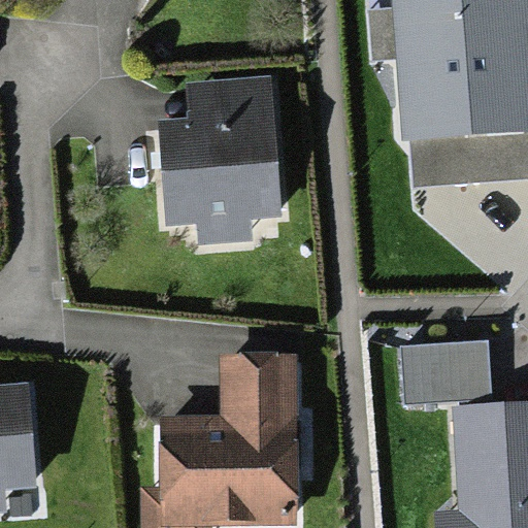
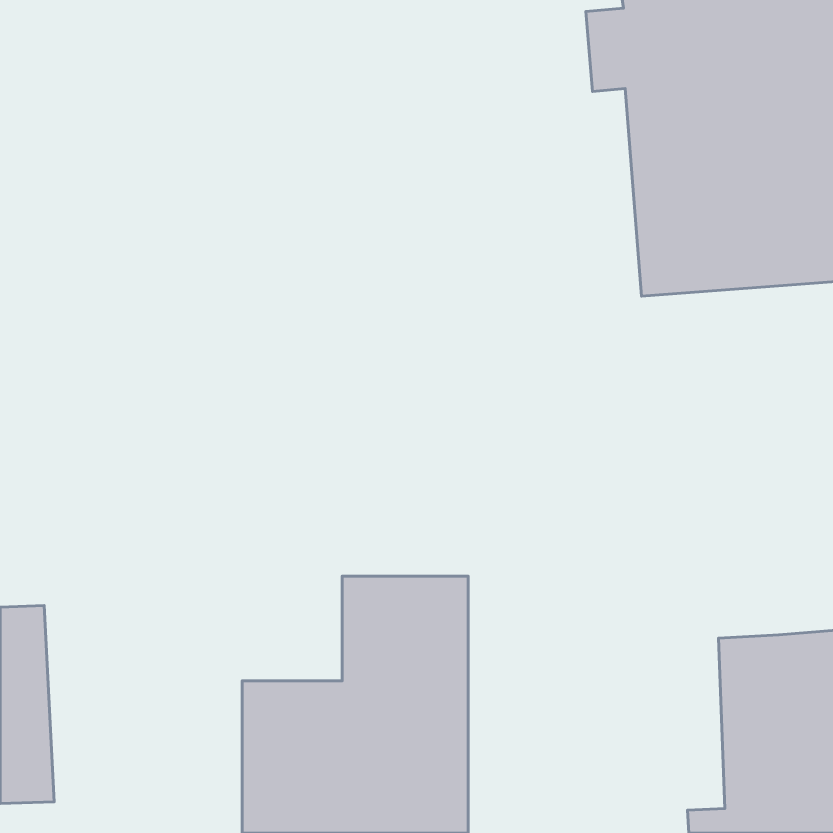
building: [162,77,277,233] -> none
building: [401,341,493,405] -> none

